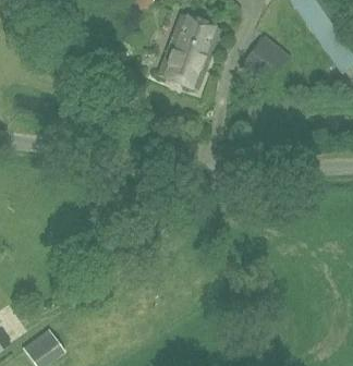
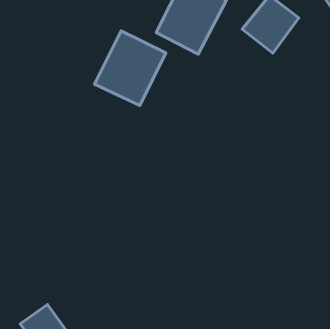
building: none -> [95,31,166,105]

